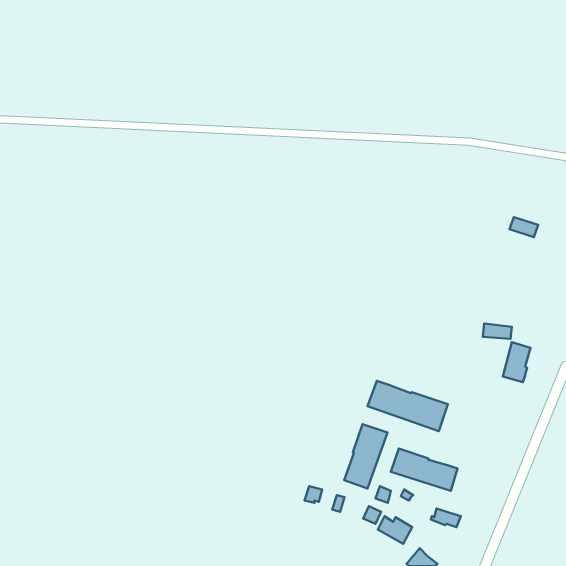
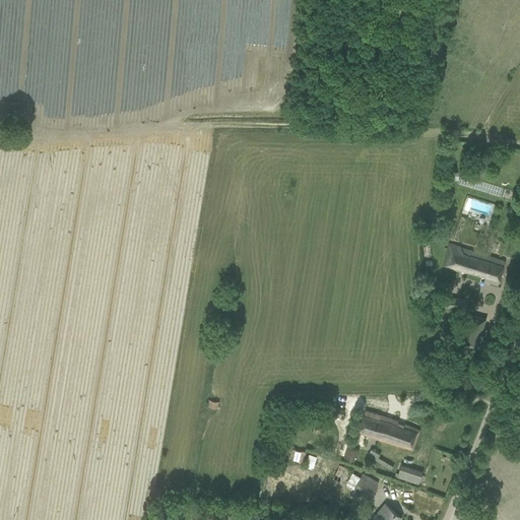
building: none -> [443,245,505,284]
building: [367,381,448,431] -> none
building: [344,424,388,489] -> none

